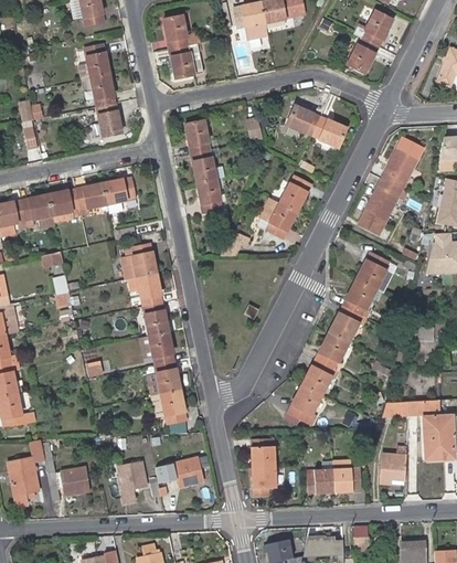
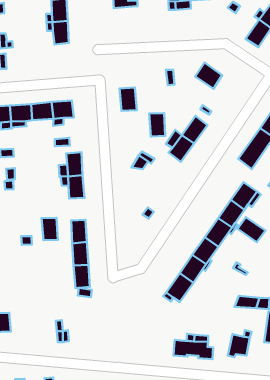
building: [168,41,203,77] -> none
building: [96,102,121,136] -> none
building: [313,116,348,148] -> none
building: [183,119,210,152] -> none
building: [196,178,222,211] -> [149,113,165,136]
building: none -> [237,217,265,242]
building: [144,302,169,334] -> [41,218,58,240]
building: [251,438,274,496] -> none
building: [162,457,203,486] -> none
building: [118,461,147,501] -> none

